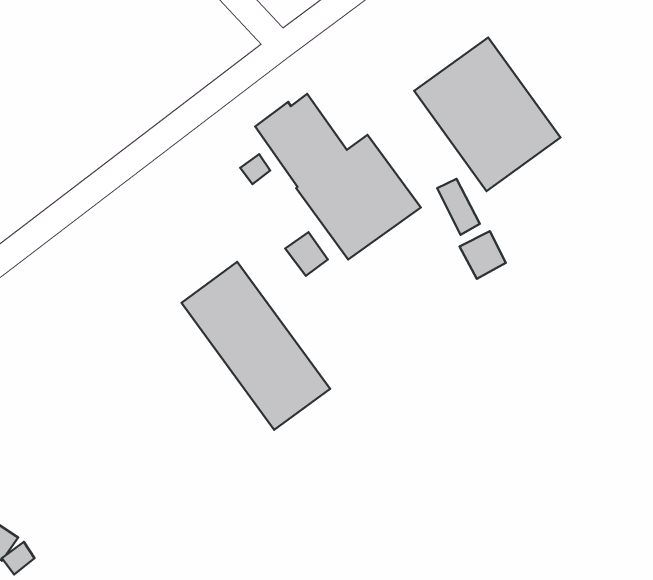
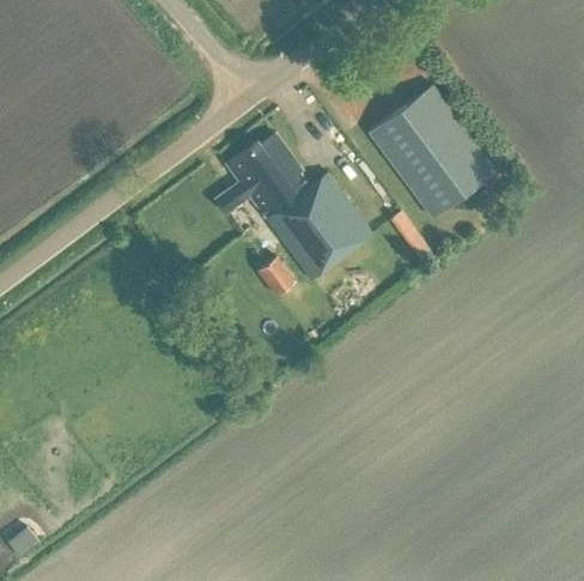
building: [460,231,506,279] -> none
building: [182,262,330,430] -> none

